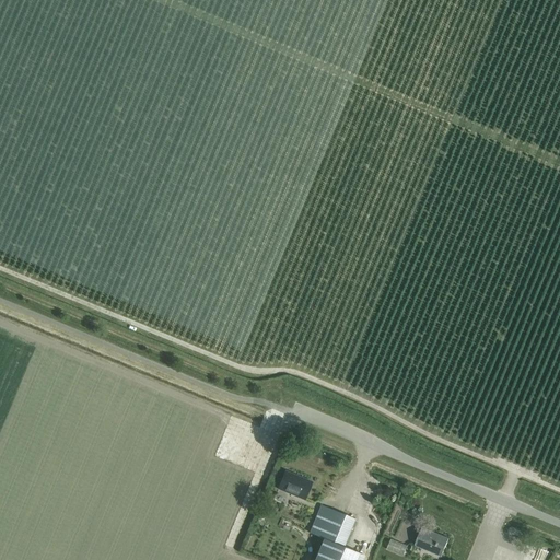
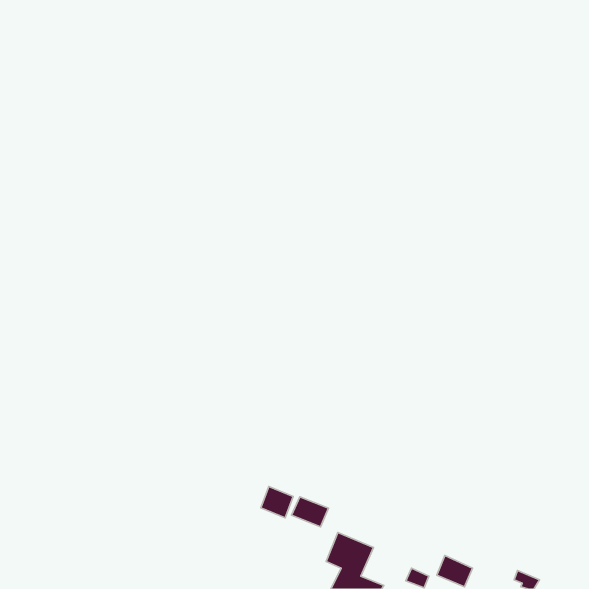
building: none -> [261,487,293,518]

